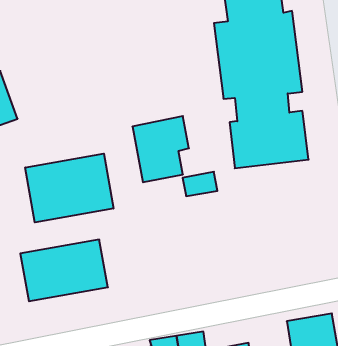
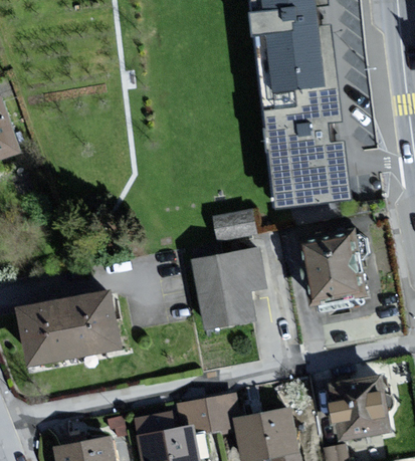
building: [132,116,189,182] -> [194,250,259,326]
building: [25,154,113,222] -> none
building: none -> [313,233,366,295]

